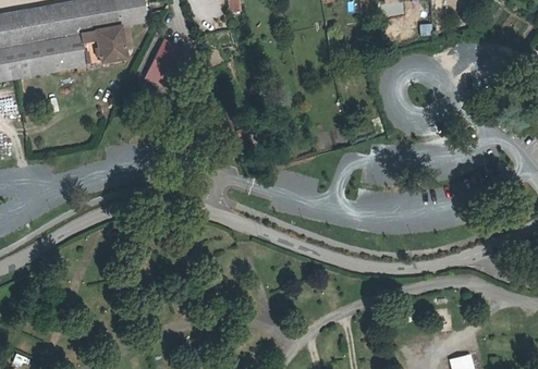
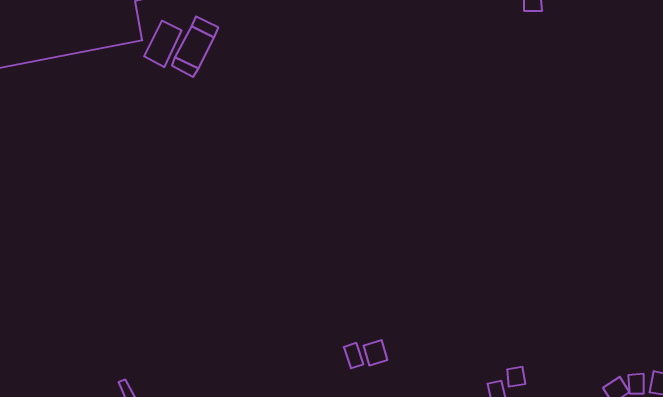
building: none -> [144,21,181,67]

